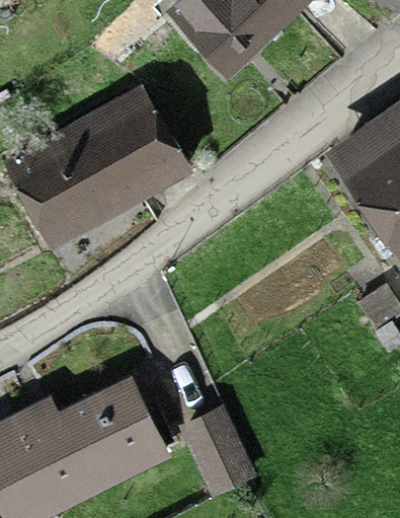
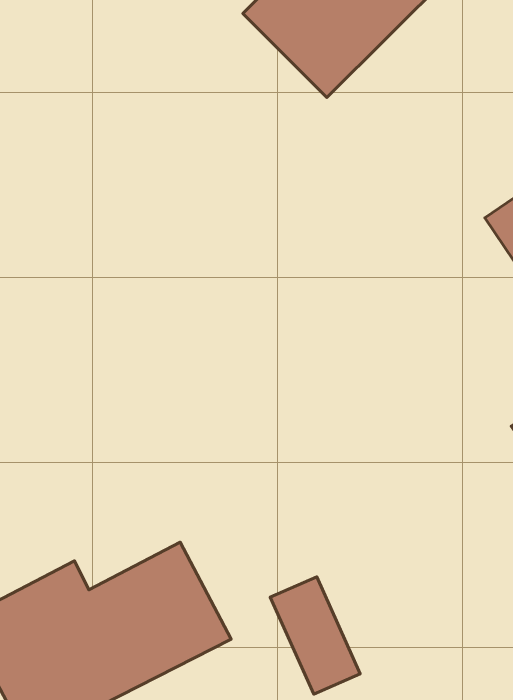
building: [11,92,179,243] -> none

